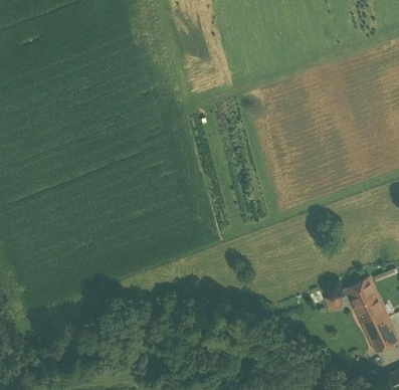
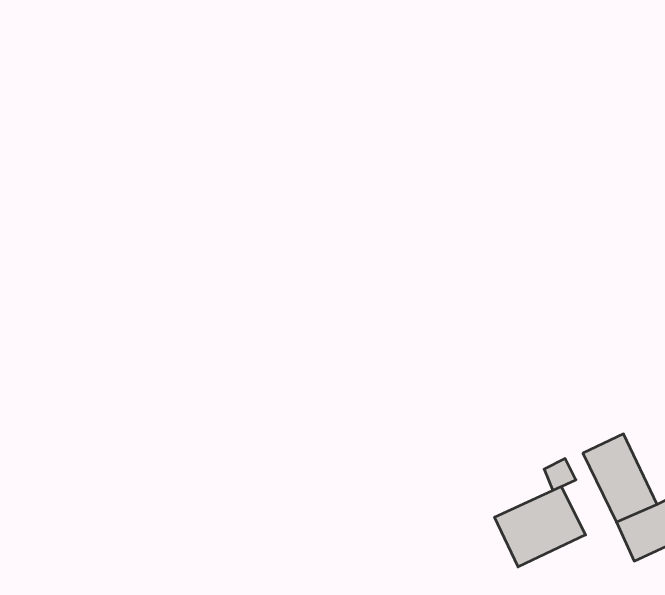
building: none -> [495,487,586,567]

